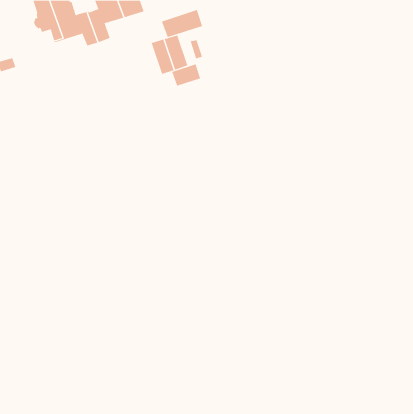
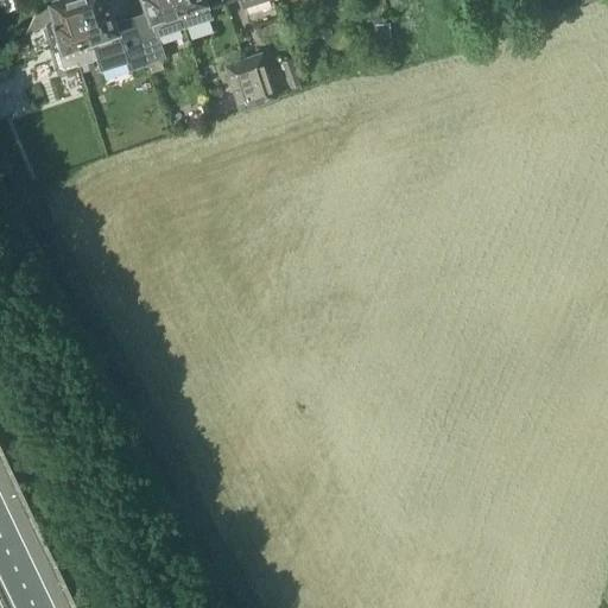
building: [161,9,203,38] -> none
building: [172,63,201,87] -> none

